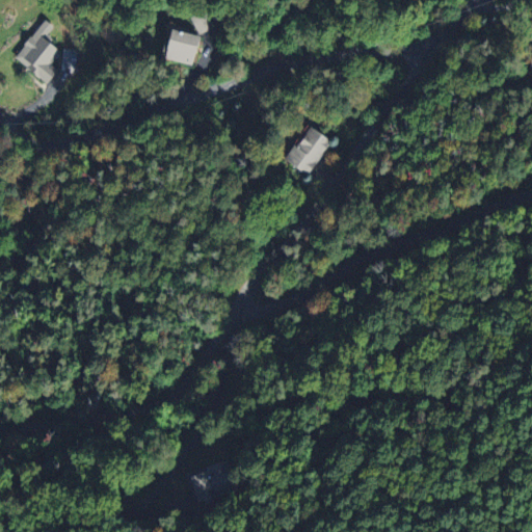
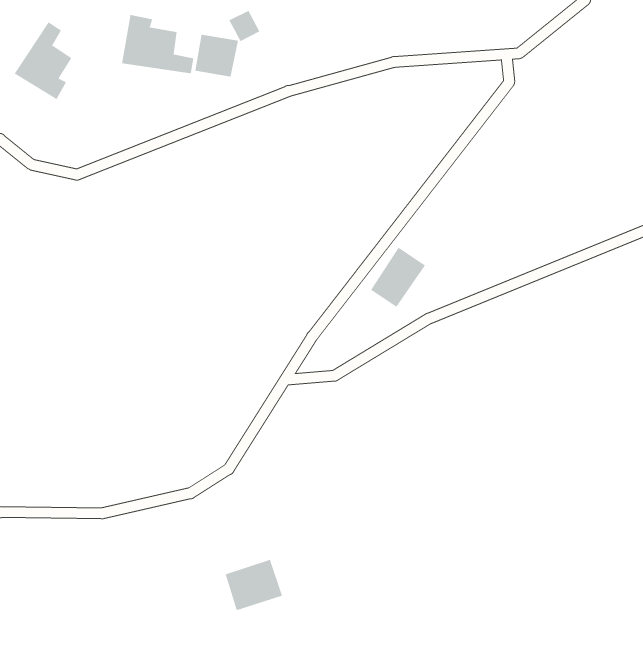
building: none -> [122,14,194,74]
building: [286,126,331,176] -> [370,247,426,307]

